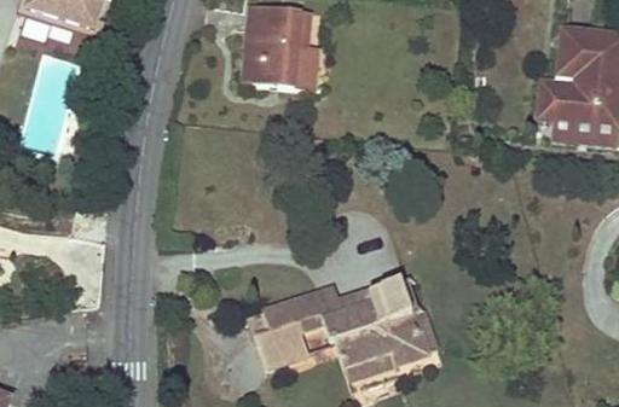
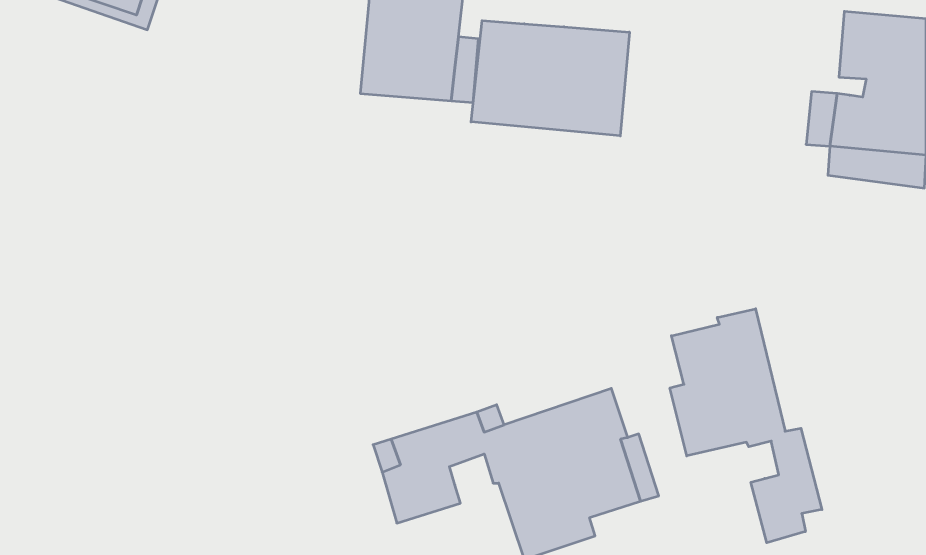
building: none -> [471,21,629,136]
building: none -> [670,309,822,543]

